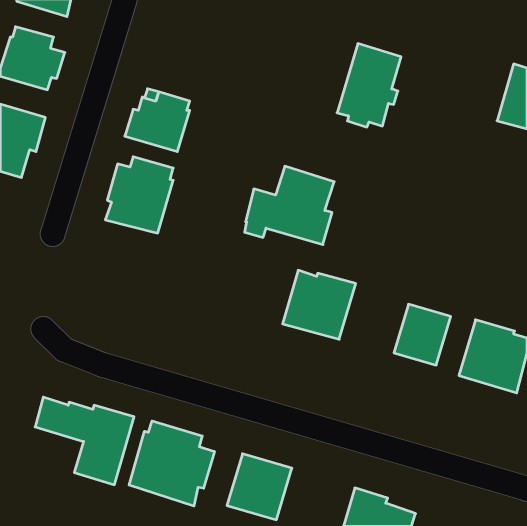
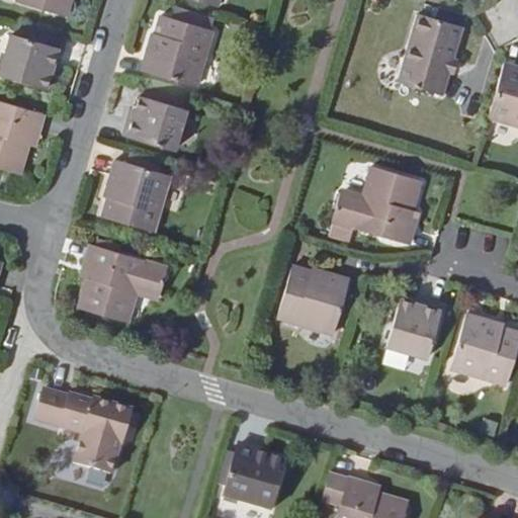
building: none -> [142,15,211,85]
building: [337,44,401,127] -> [400,13,462,95]
building: [245,166,334,245] -> [333,166,421,243]
building: none -> [78,246,166,323]
building: [129,421,214,506] -> none

